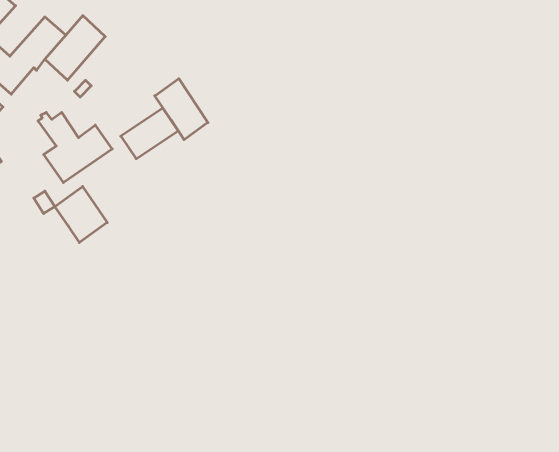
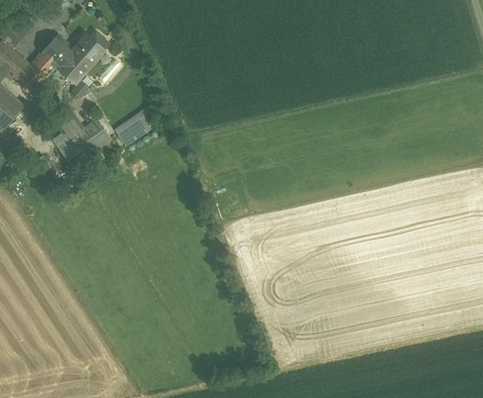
building: [155,79,208,140] -> none
building: [55,186,107,243] -> none

